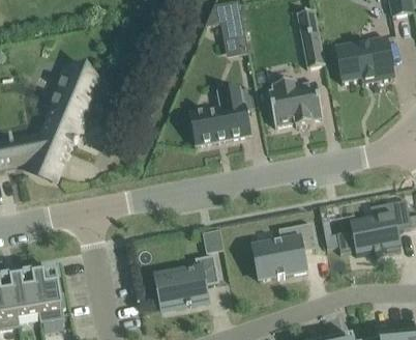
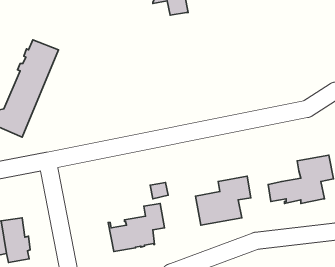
building: [300,31,325,66] -> none
building: [334,35,394,82] -> none
building: [268,79,322,125] -> none
building: [190,87,254,143] -> none

